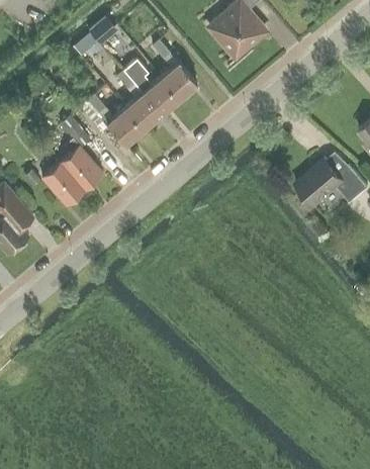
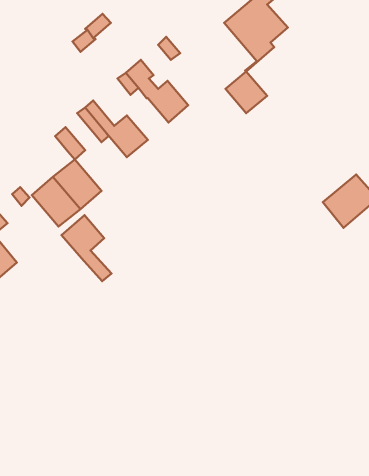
building: [161,62,197,98] -> [225,72,267,113]
building: [125,92,162,128] -> none
building: none -> [62,215,111,281]

